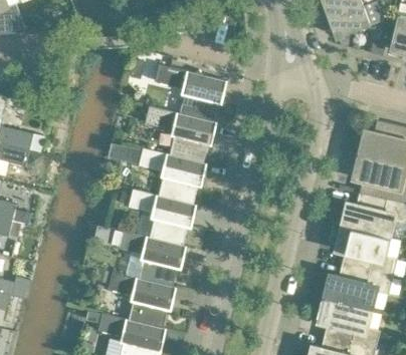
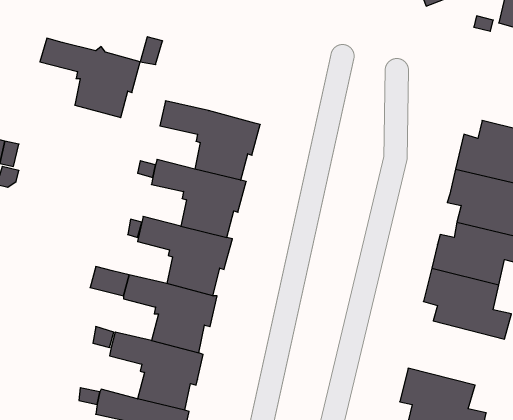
building: [155,64,227,121] -> [40,38,140,118]
building: [324,264,393,310] -> none

